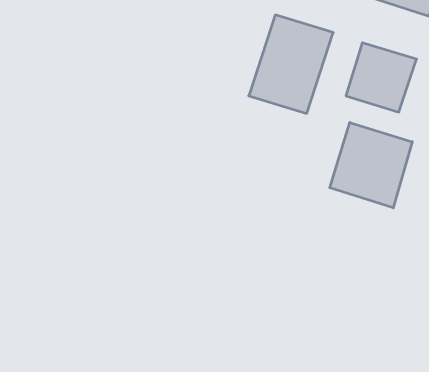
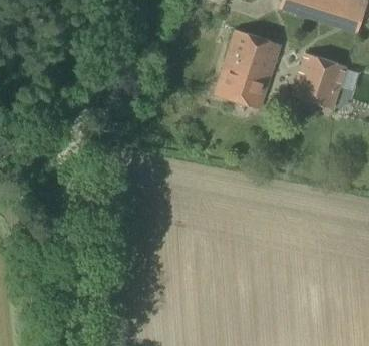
building: [330,122,412,208] -> none

